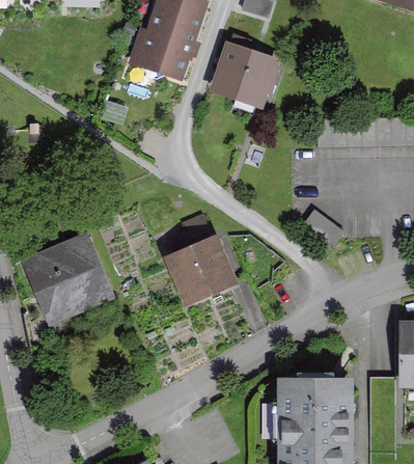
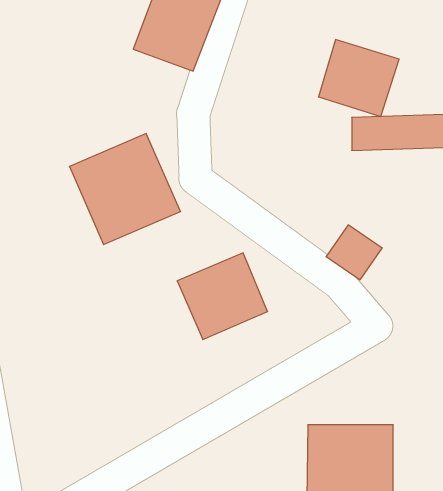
building: [211,40,279,106] -> [318,40,399,117]
building: [21,230,115,325] -> [69,134,181,245]

